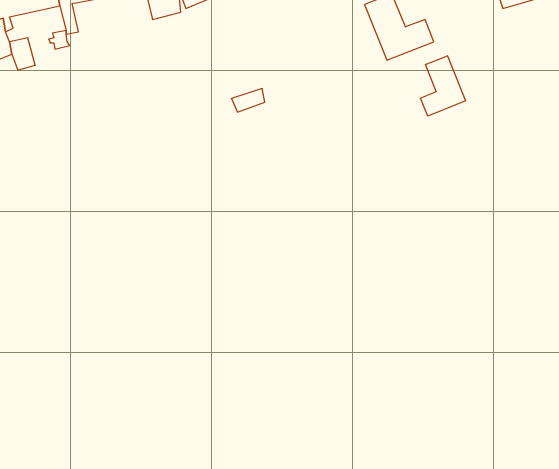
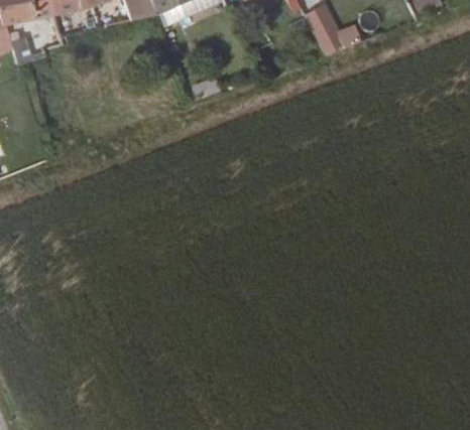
building: [421,56,465,116] -> none

